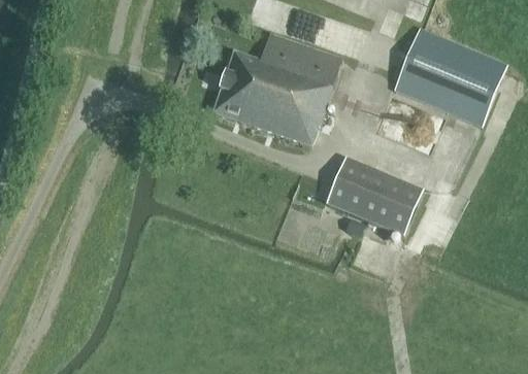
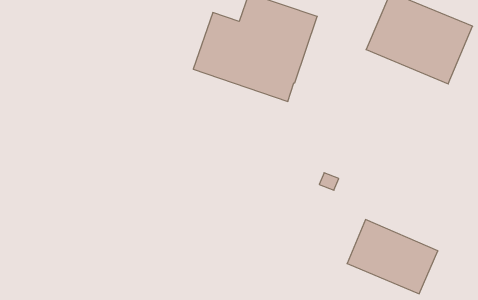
building: [326,158,422,236] -> [347,220,438,294]

